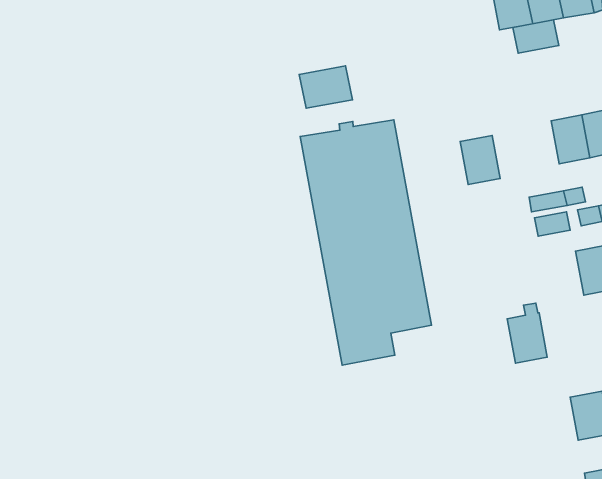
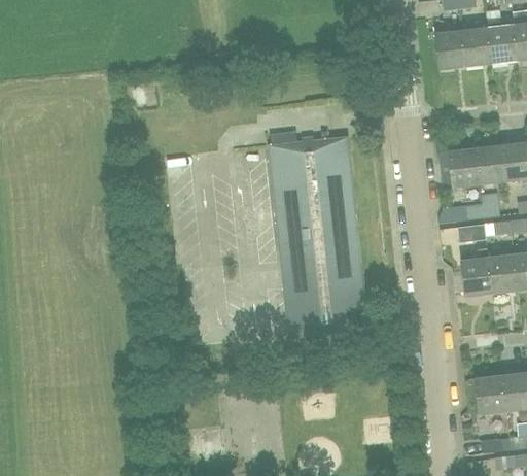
building: [513,20,559,53] -> none
building: [299,66,352,108] -> none
building: [460,135,500,184] -> [450,147,481,186]
building: [507,303,547,363] -> [462,248,493,297]

